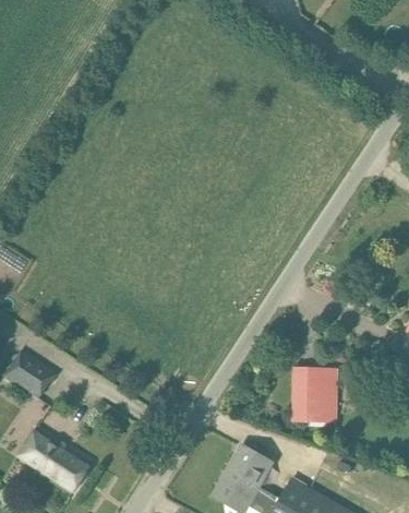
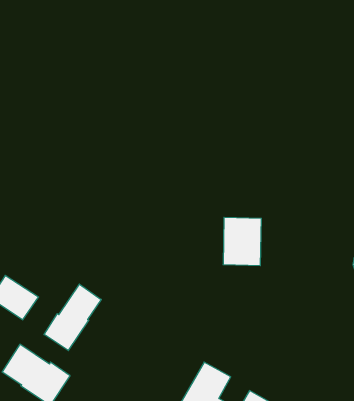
building: none -> [44,284,101,351]
building: [293,368,336,421] -> [223,217,261,266]

